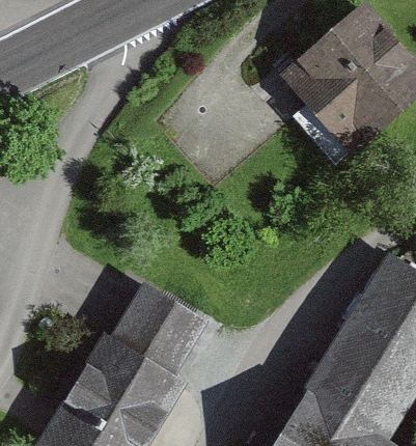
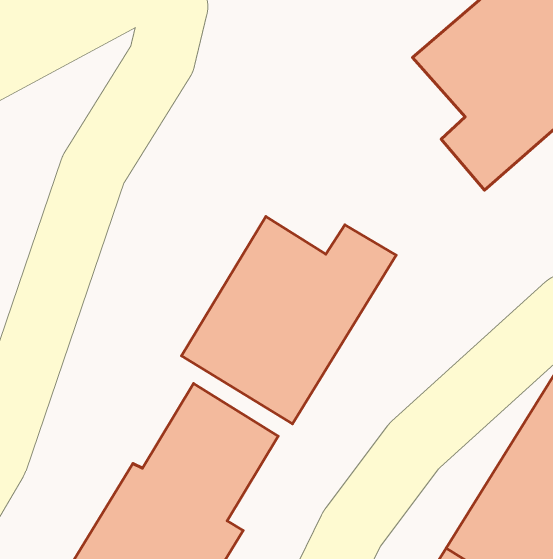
building: none -> [181,216,396,424]

